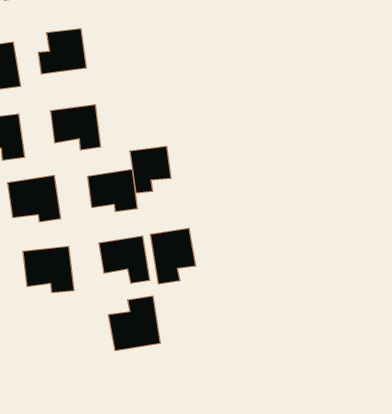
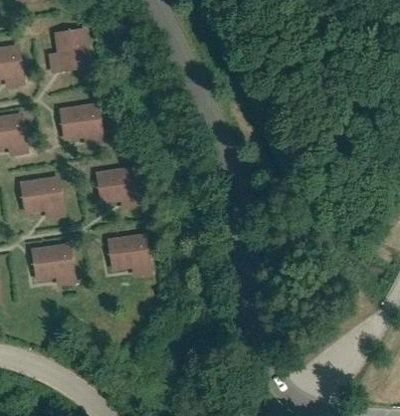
building: [130,146,171,193] -> none
building: [151,228,196,284] -> none
building: [109,296,160,351] -> none

